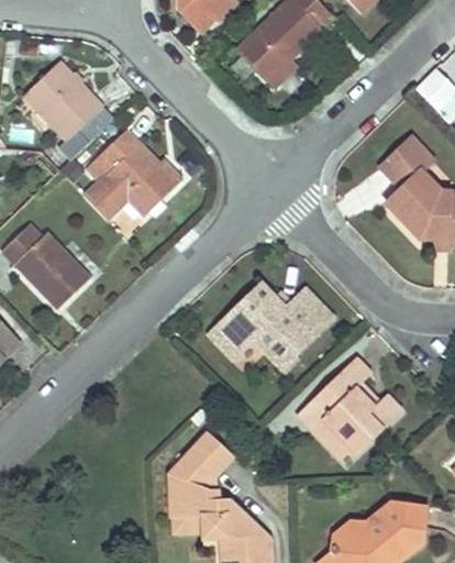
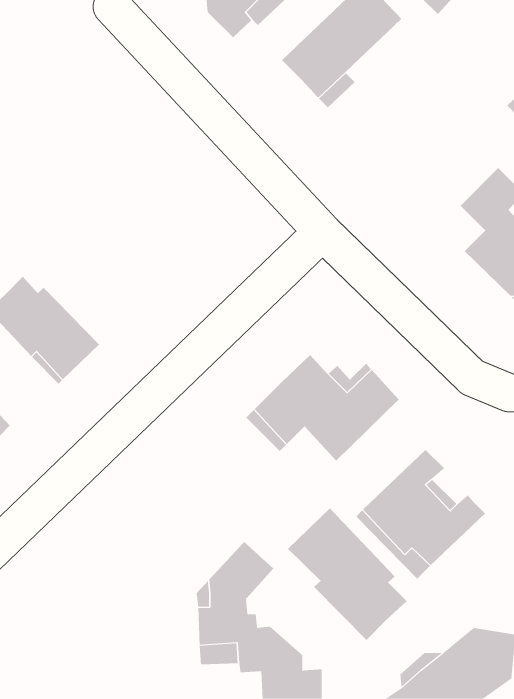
building: [23,60,104,141] -> none
building: [85,129,178,223] -> none
building: none -> [287,508,408,641]

